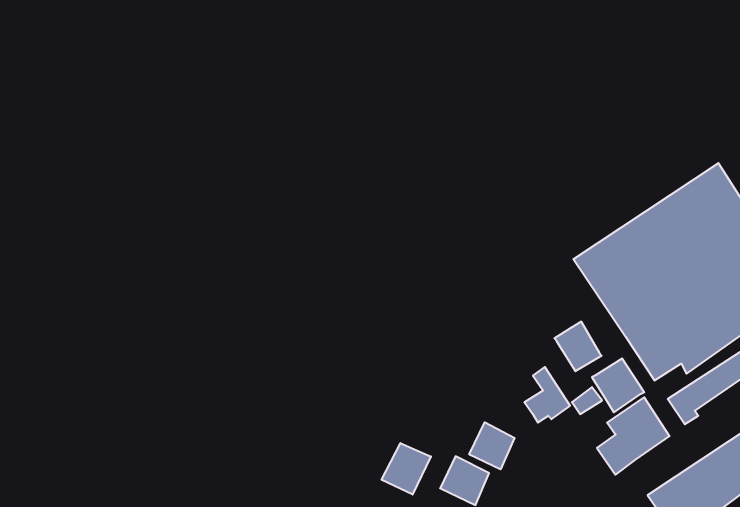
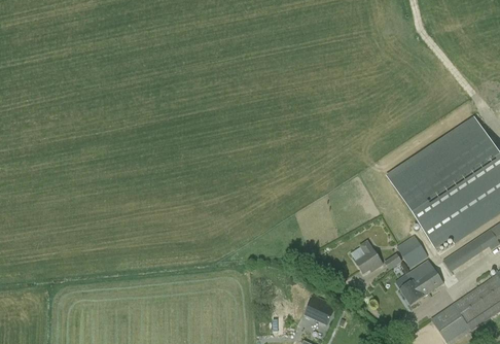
building: [554,321,602,371] -> none
building: [469,422,515,469] -> none
building: [382,443,431,495] -> none

